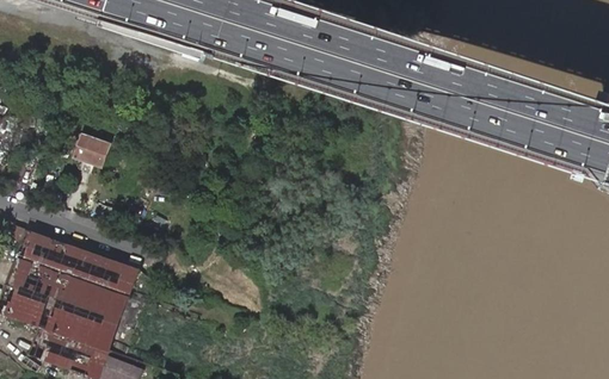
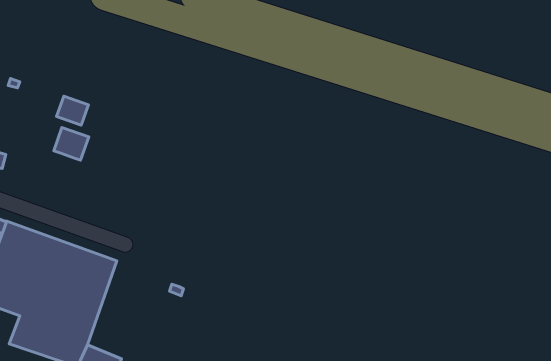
building: none -> [57,96,89,125]

